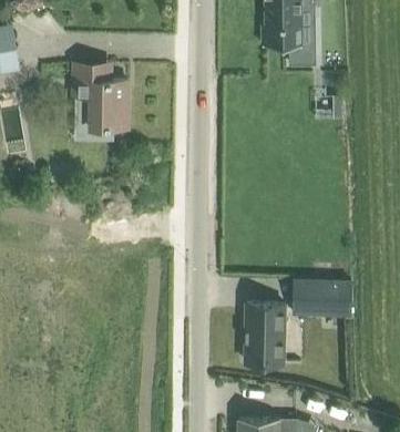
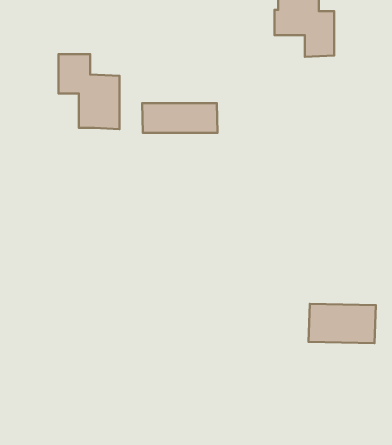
building: none -> [142,103,217,133]
building: [245,304,285,363] -> none

